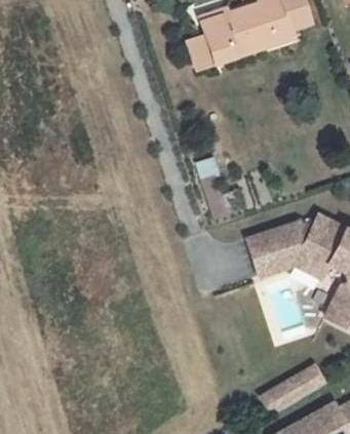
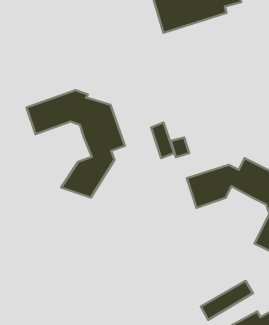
building: none -> [27,90,125,197]

